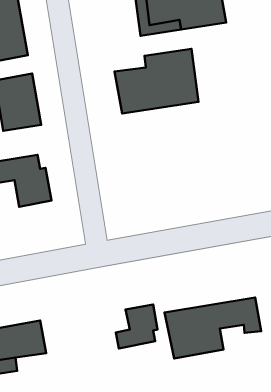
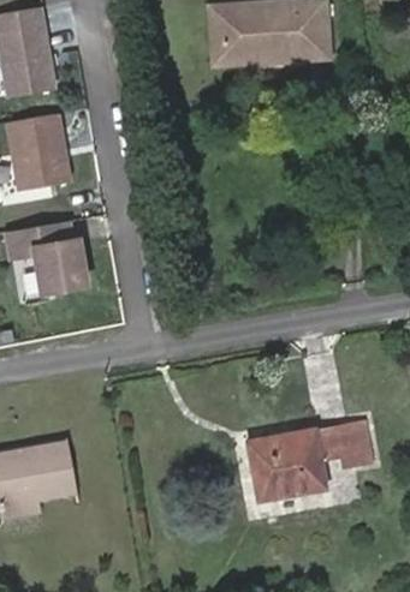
building: [115,49,199,113] -> none
building: [116,305,158,349] -> none

